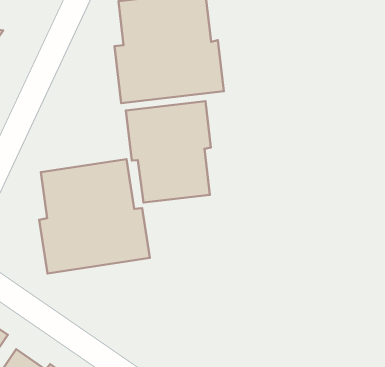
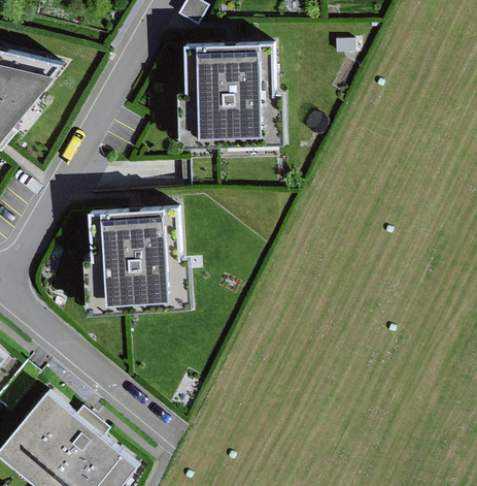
building: [126,101,211,203] -> none

